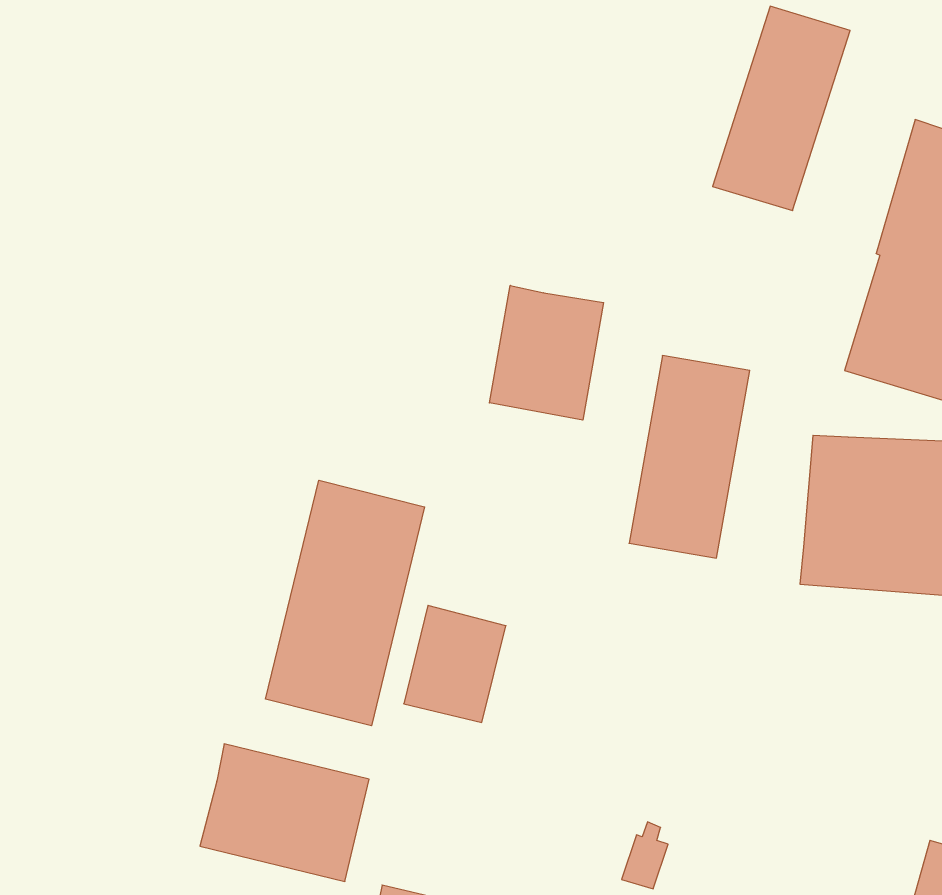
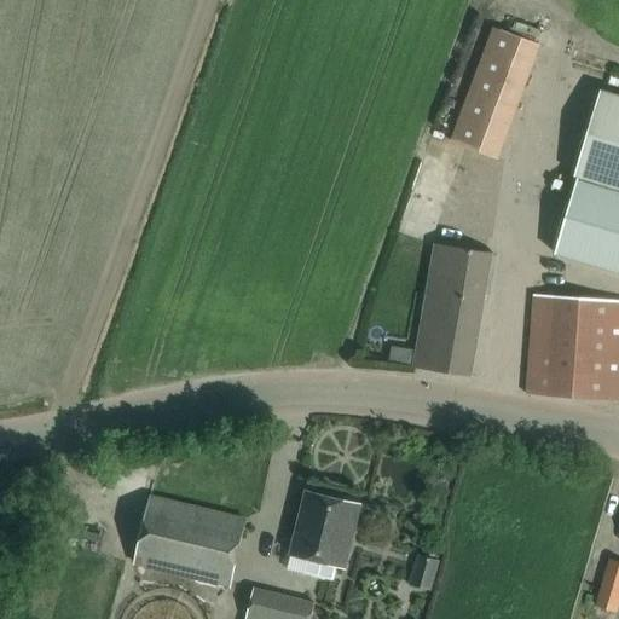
building: [489,285,604,420] -> none
building: [266,480,425,726] -> none
building: [404,605,506,722] -> [291,491,358,567]

